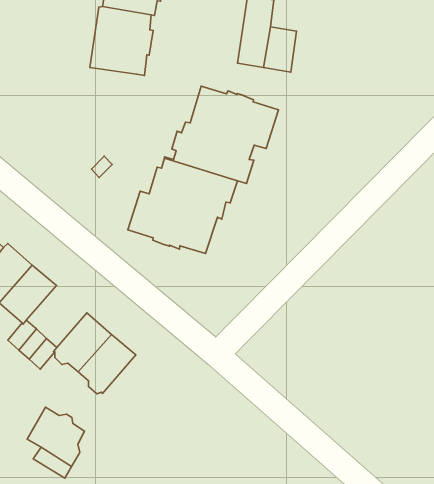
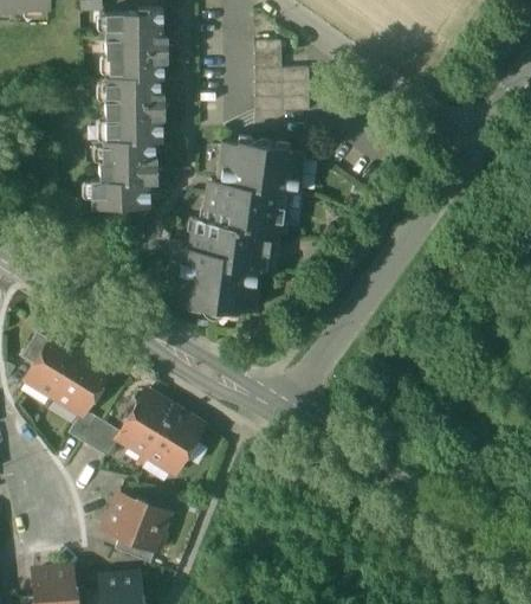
building: none -> [91,141,157,208]

